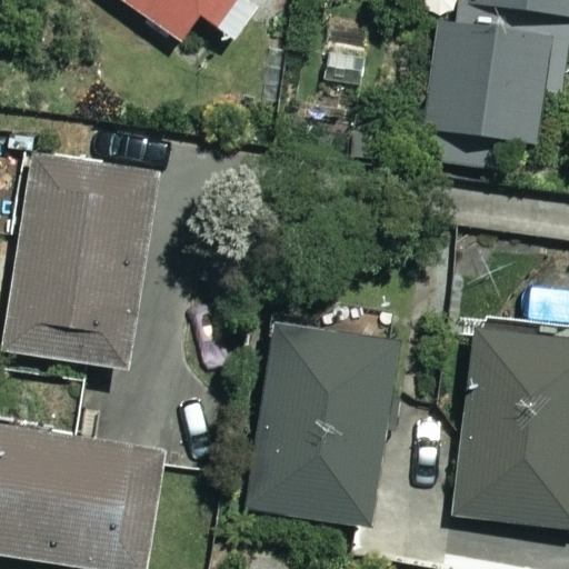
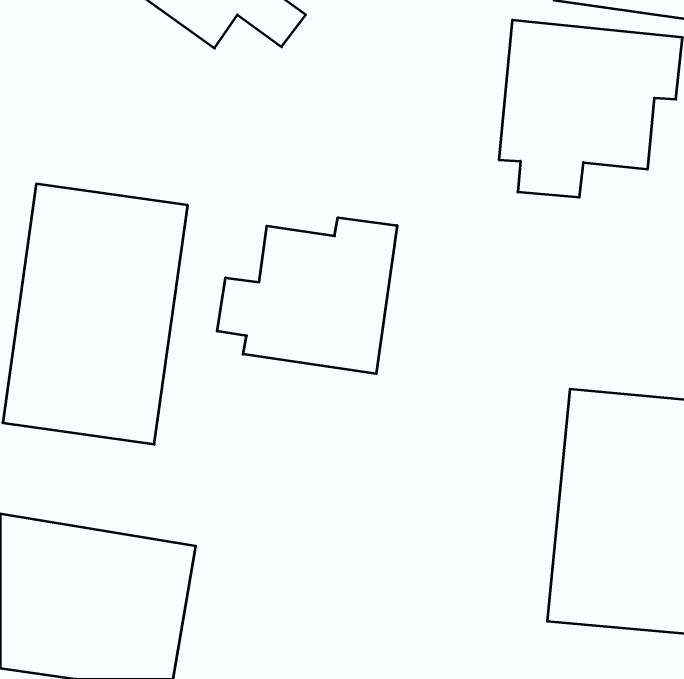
building: none -> [217,218,397,374]
building: [246,325,399,526] -> none

